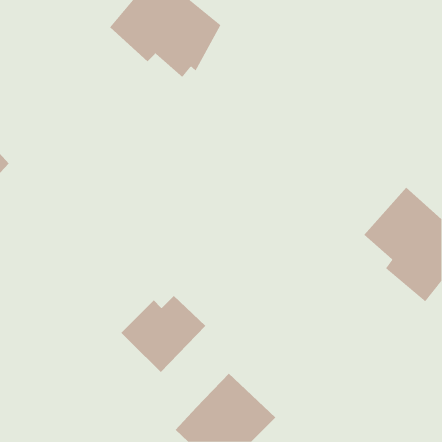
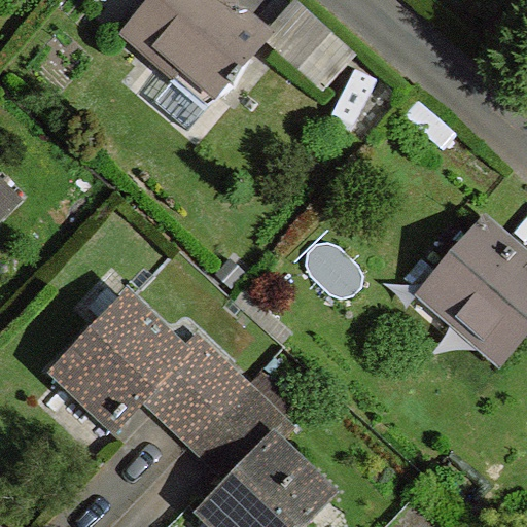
building: none -> [59,300,181,419]
building: none -> [189,384,274,480]

